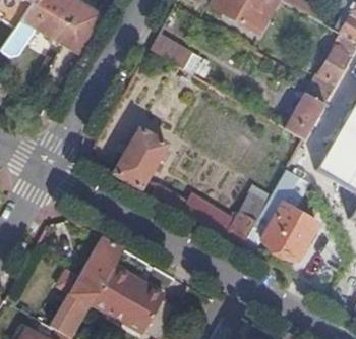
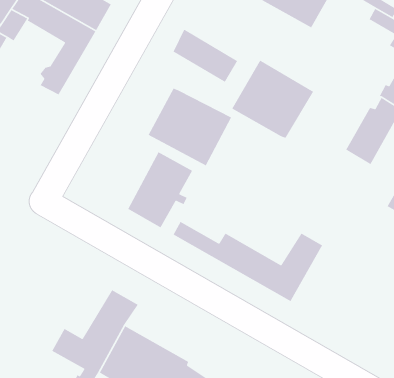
building: none -> [231,59,314,139]
building: none -> [148,88,232,166]
building: [260,174,318,263] -> none

